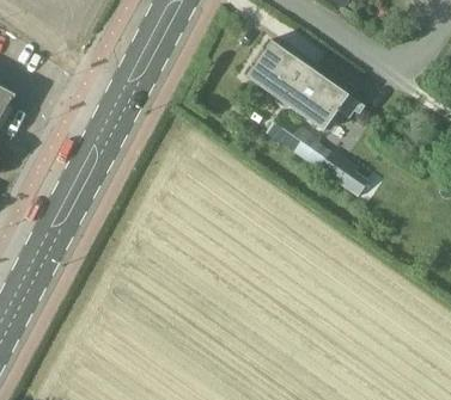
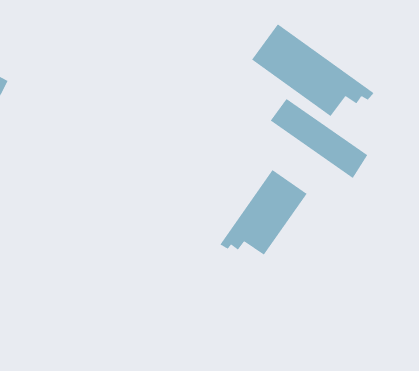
building: none -> [219,169,307,256]

